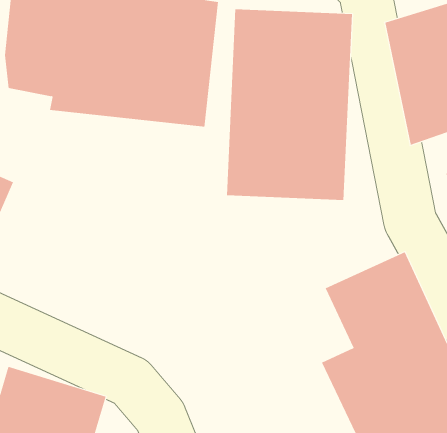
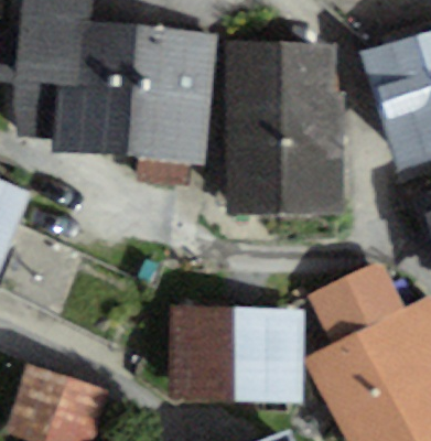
building: none -> [172,312,301,397]

